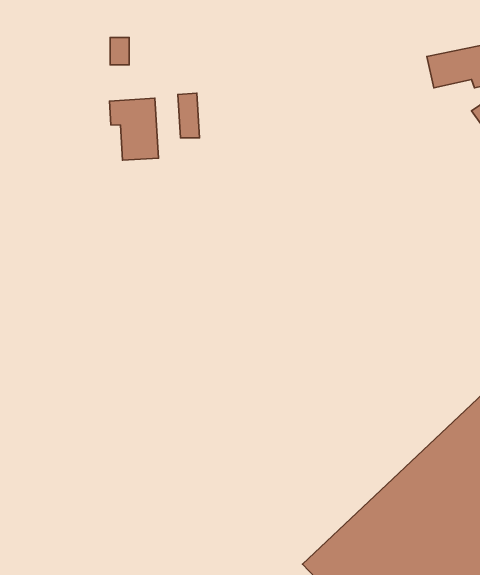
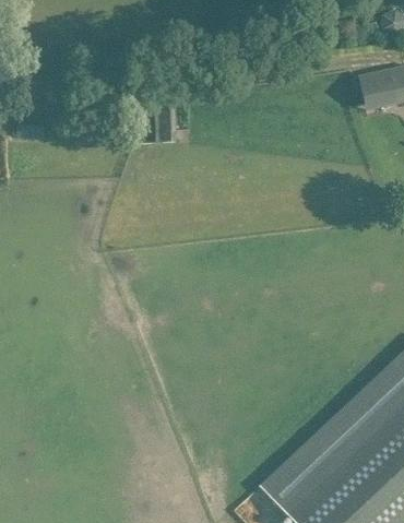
building: [109,98,158,160] -> none

